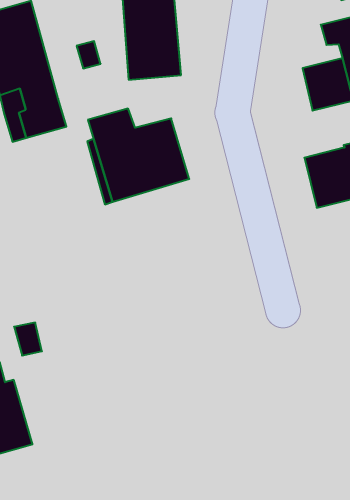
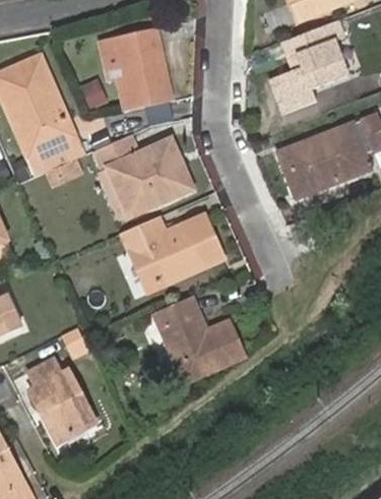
building: none -> [124,217,221,288]
building: none -> [155,297,246,377]

